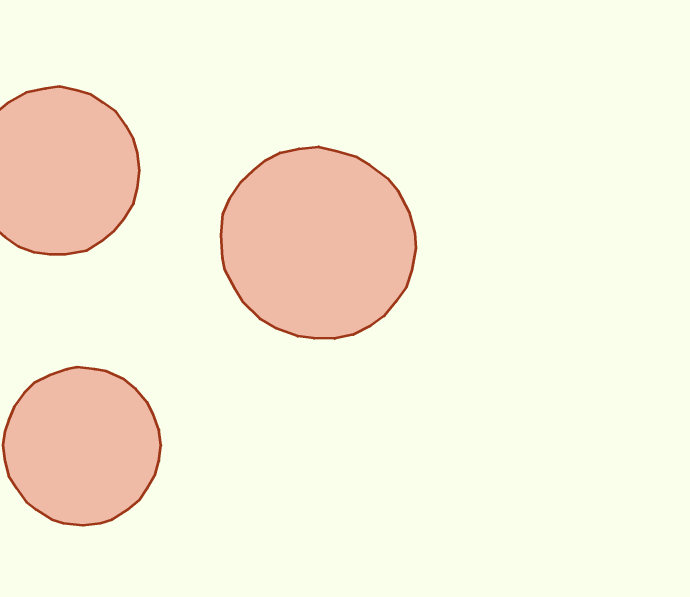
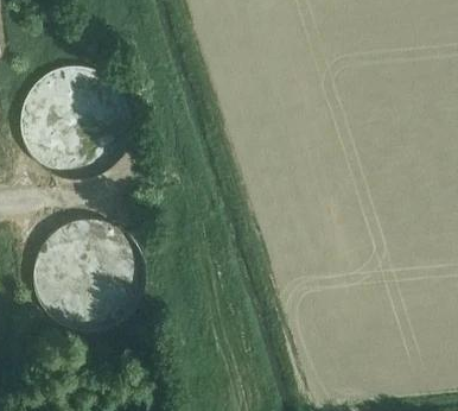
building: [221,147,416,339] -> none

